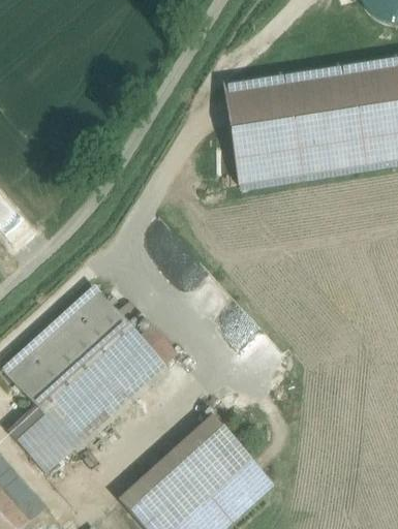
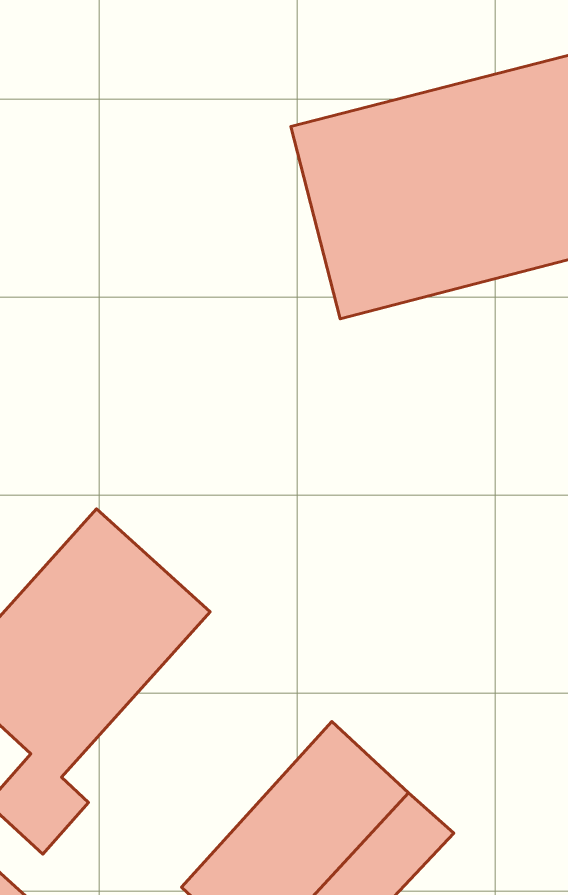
building: [60,348,169,450] -> none

